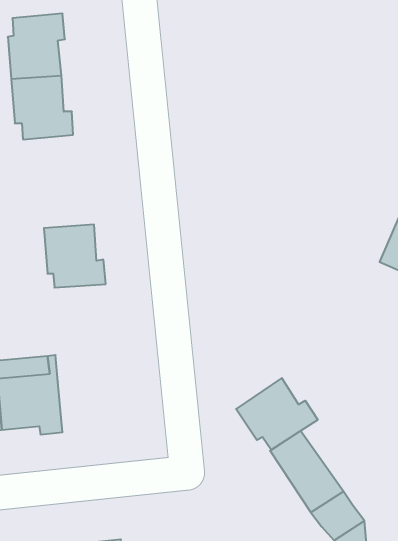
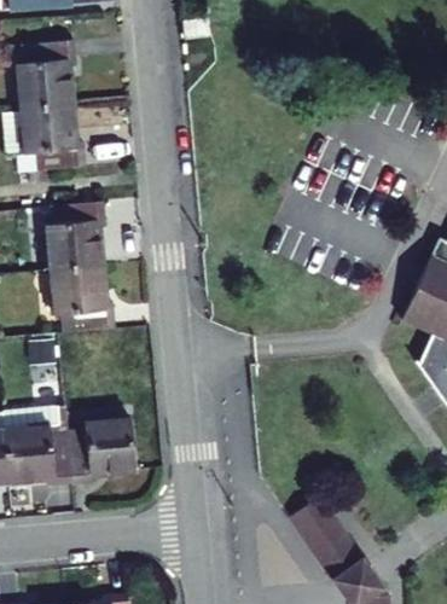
building: none -> [47,209,108,273]
building: none -> [65,418,133,484]
building: [236,378,318,450] -> none

